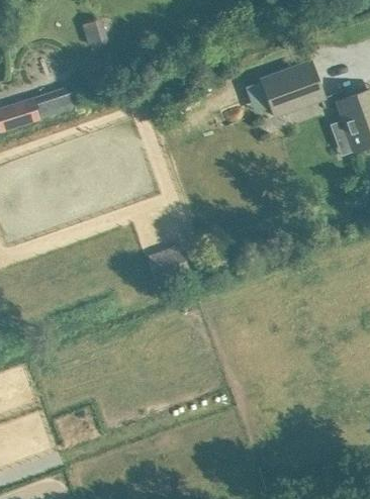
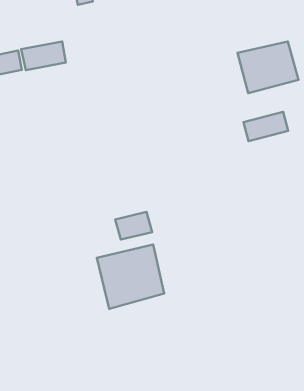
building: none -> [243,112,288,141]
building: none -> [97,245,164,309]

